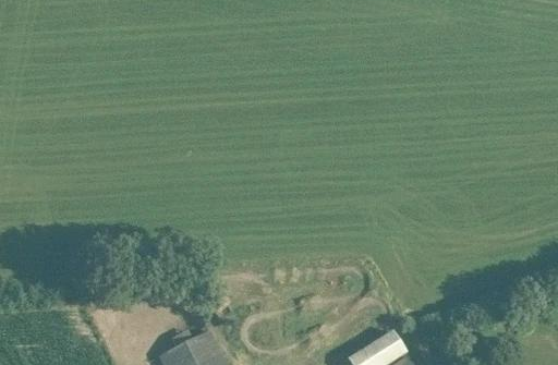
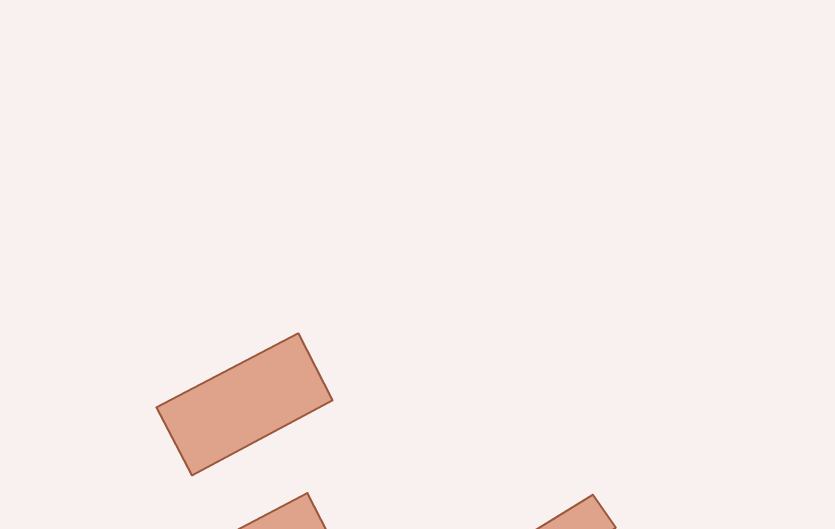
building: none -> [156,333,332,475]

